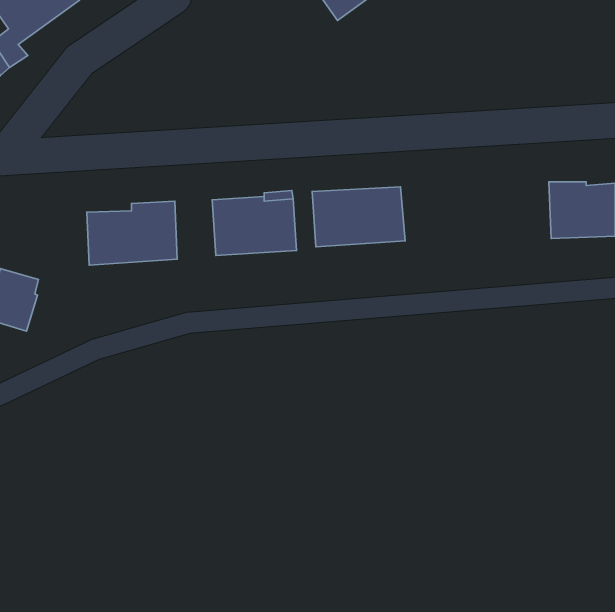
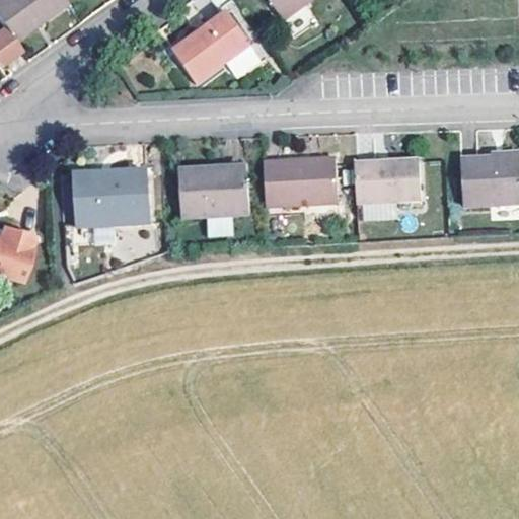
building: none -> [172,9,250,81]
building: none -> [355,159,422,204]

